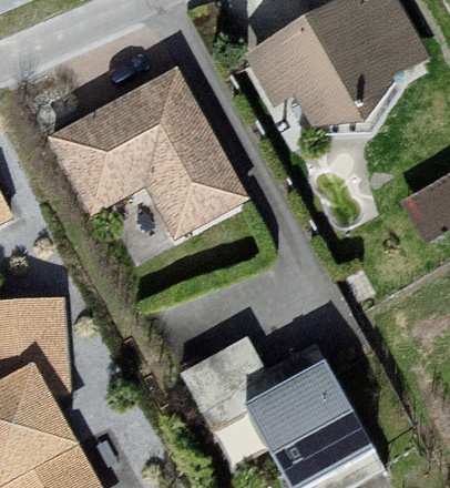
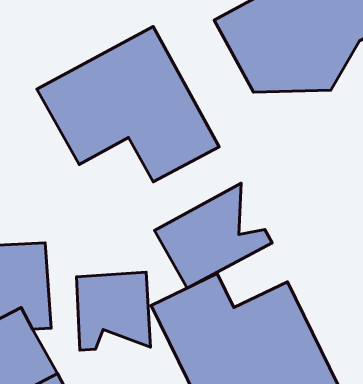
building: none -> [155,183,272,288]
building: none -> [76,272,151,350]

